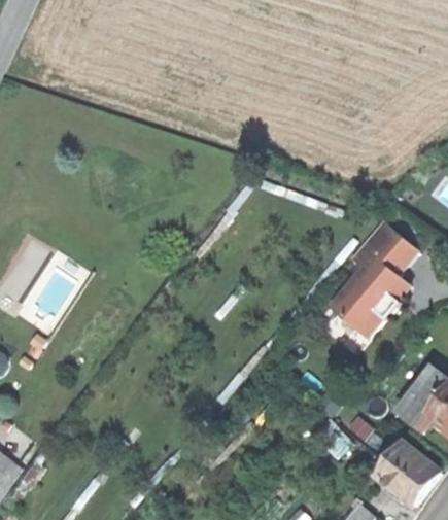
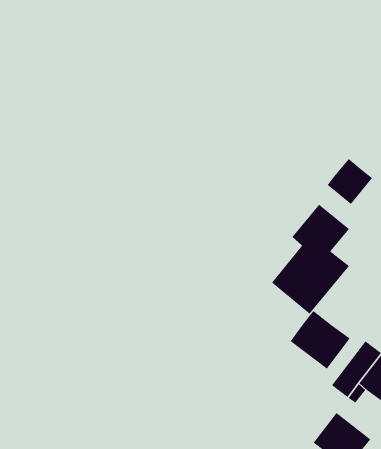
building: none -> [327,158,373,205]
building: none -> [290,310,350,369]

